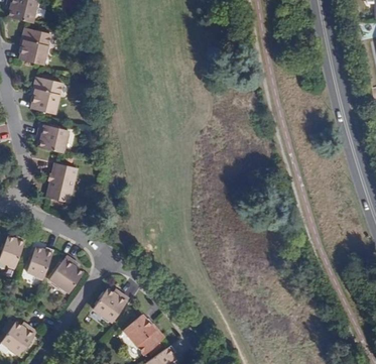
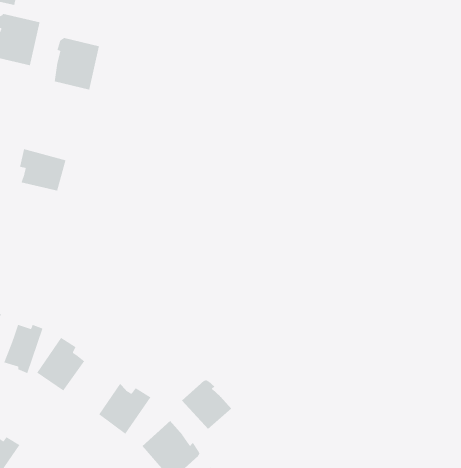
building: [30,78,62,115] -> [54,37,100,90]
building: [45,162,78,204] -> none
building: none -> [181,379,232,430]

